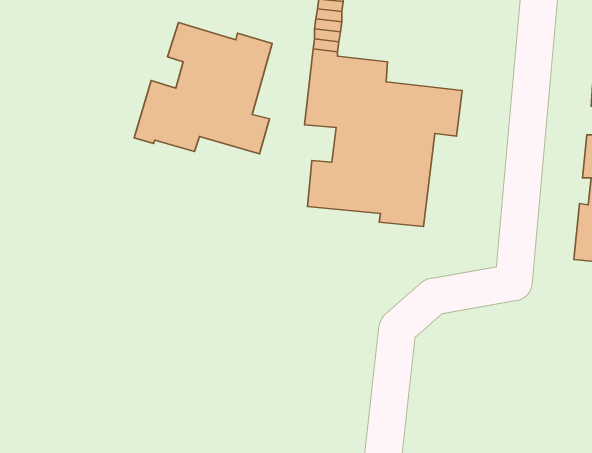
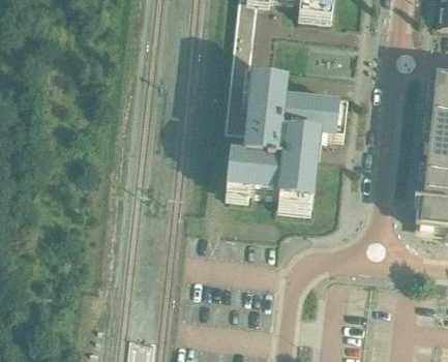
building: [134,22,272,154] -> none

